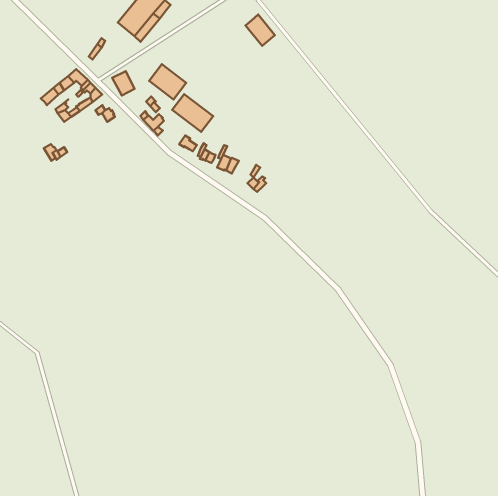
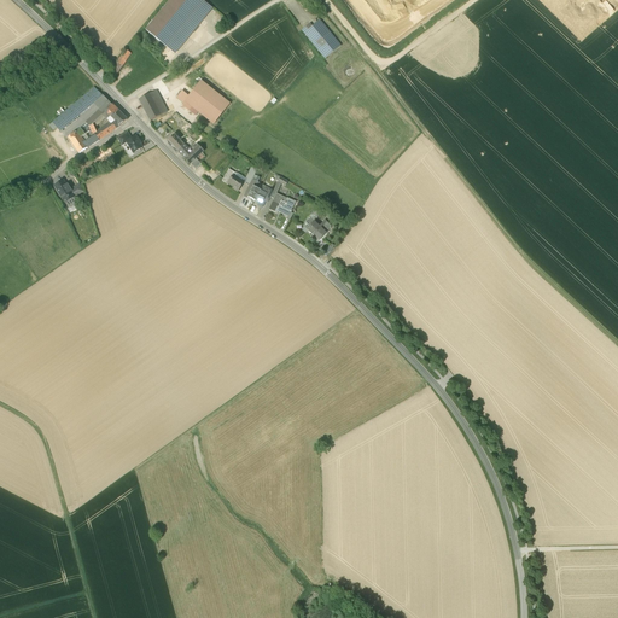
building: [172,94,213,132] -> none

